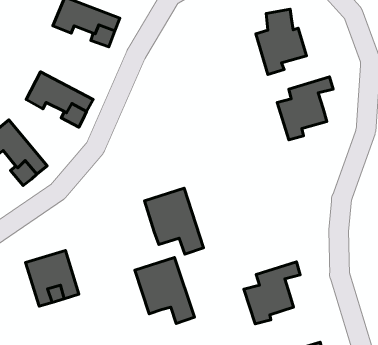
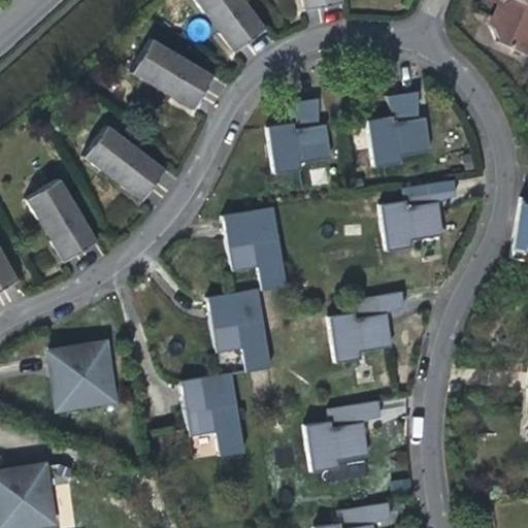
building: none -> [270,97,327,169]
building: none -> [221,207,284,291]
building: none -> [334,293,404,362]

